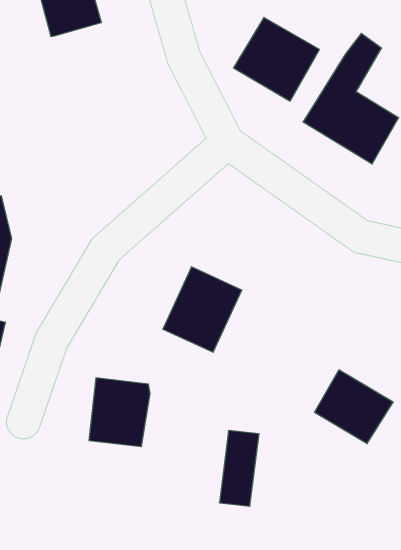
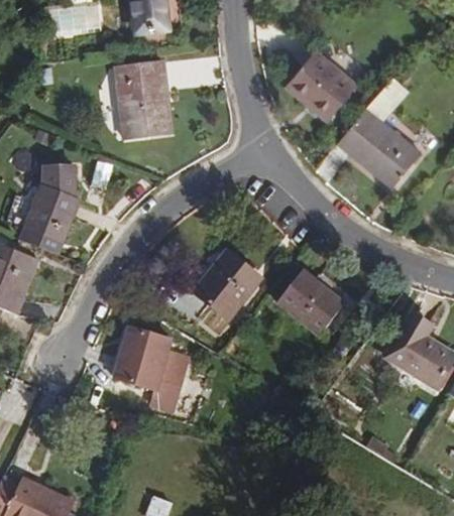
building: none -> [113,60,172,137]
building: [314,370,393,444] -> [276,270,344,336]
building: [219,430,259,506] -> [153,350,196,416]

